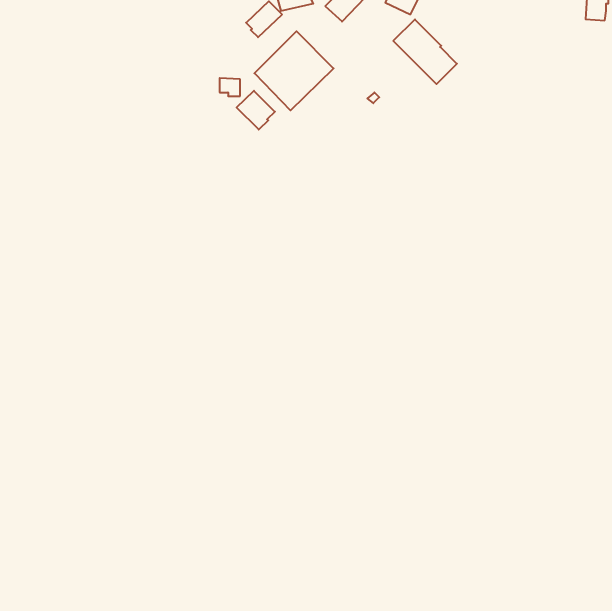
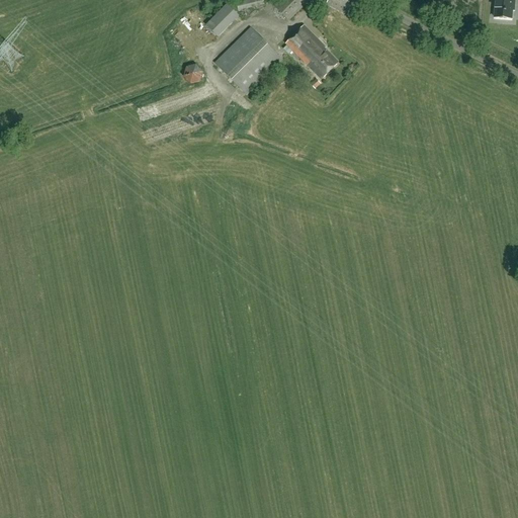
building: [393,19,457,84] -> [284,23,338,78]
building: [237,91,275,130] -> none

